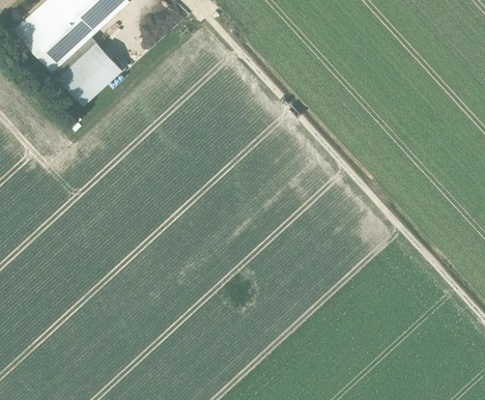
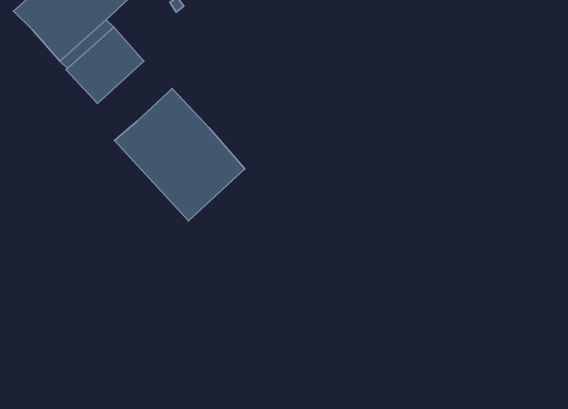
building: none -> [115,88,245,221]

